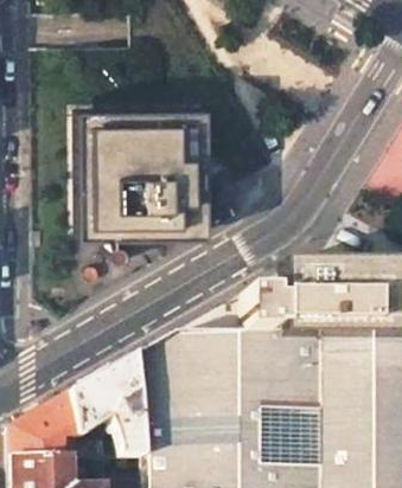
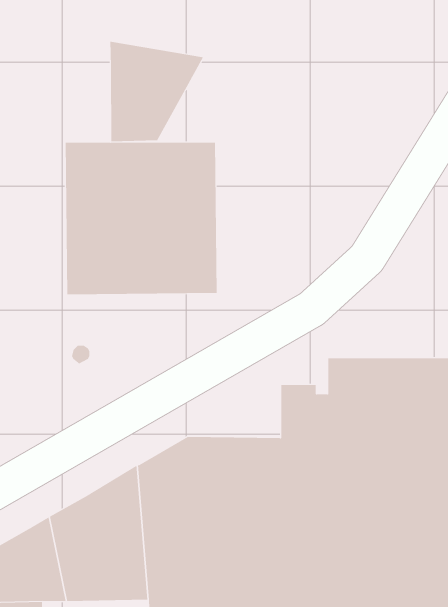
building: none -> [110,41,204,142]

